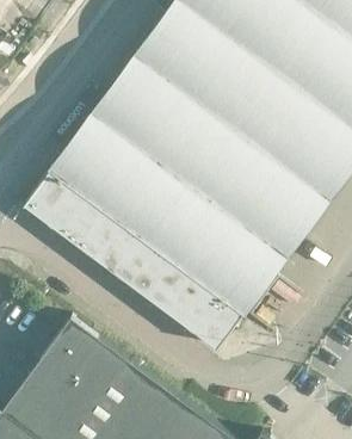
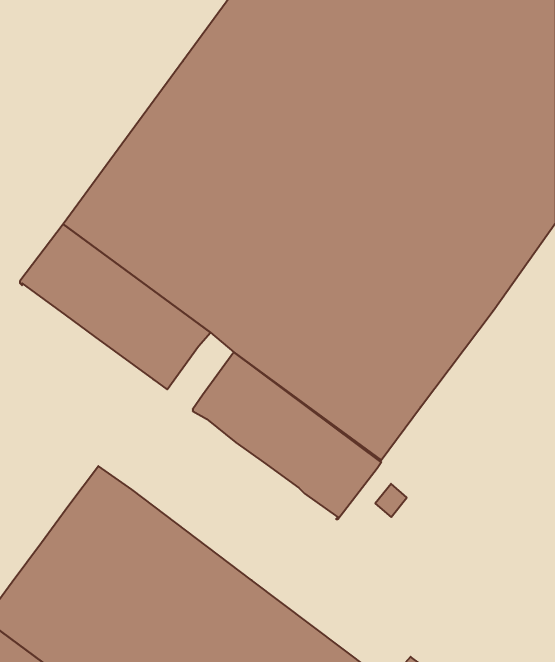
building: [113,236,154,283] -> none

